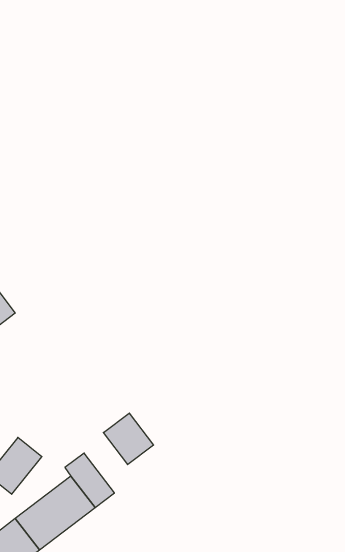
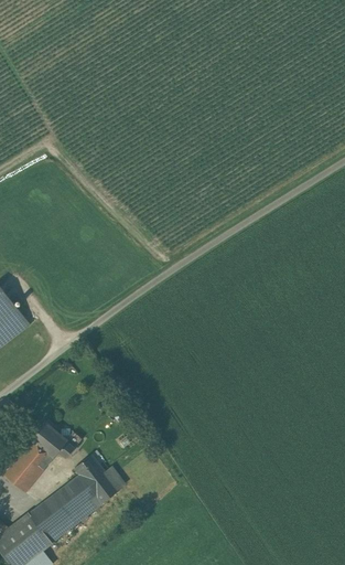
building: [103,413,154,465] -> none
building: none -> [31,424,67,458]

